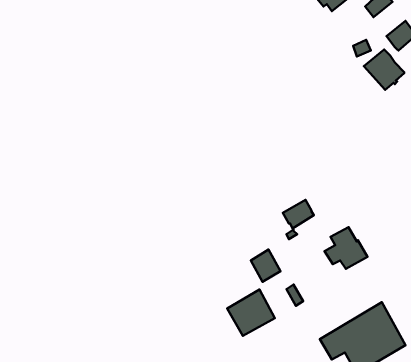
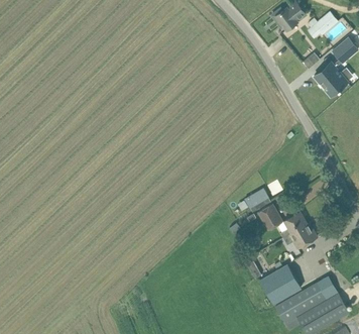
building: [251,250,280,282] -> [257,203,282,230]
building: [227,289,275,336] -> [260,264,301,304]

